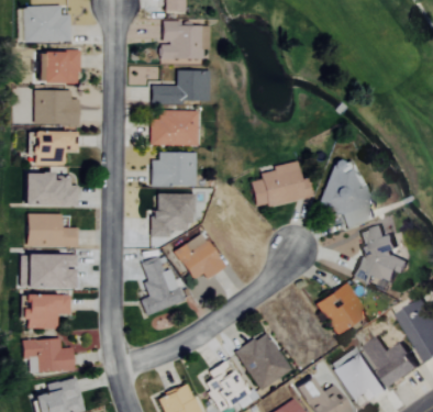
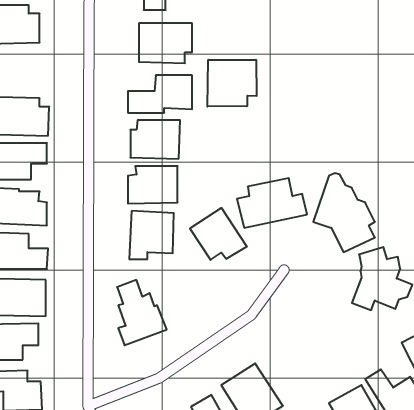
building: [41,51,79,85] -> none
building: none -> [207,60,257,107]
building: [174,233,225,280] -> [190,208,247,260]
building: [315,282,367,335] -> none

